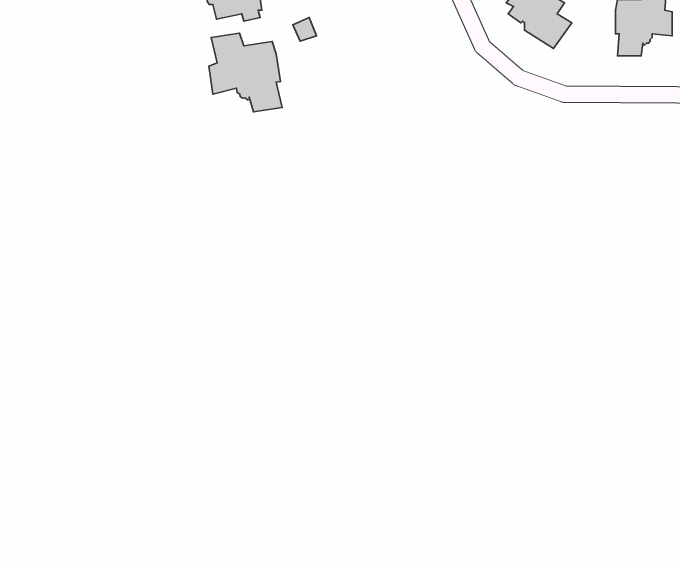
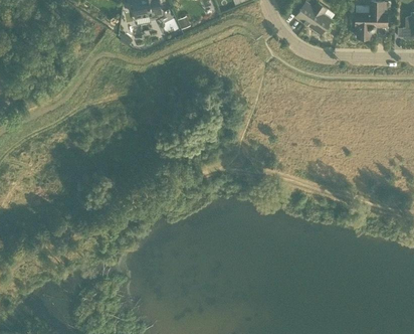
building: [209,33,282,112] -> none

